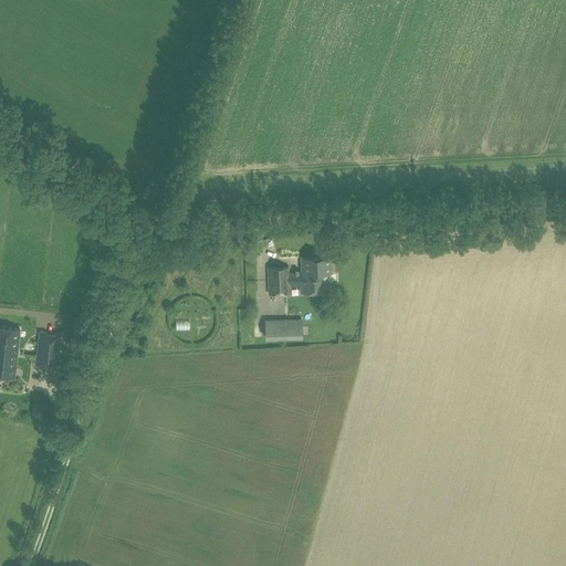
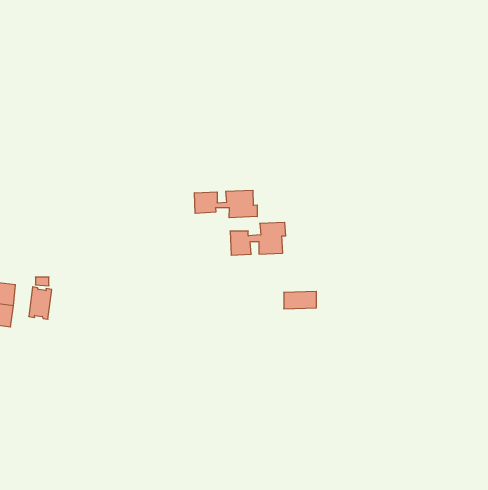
building: none -> [194,190,257,218]
building: [263,318,301,338] -> [284,291,316,309]

